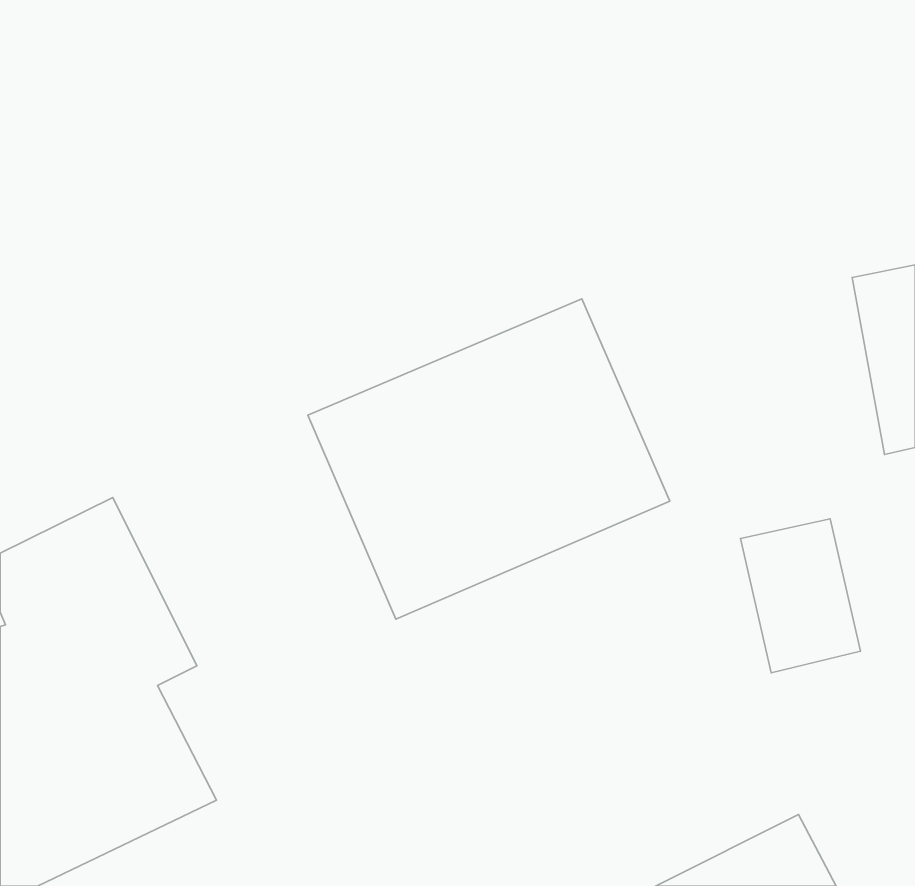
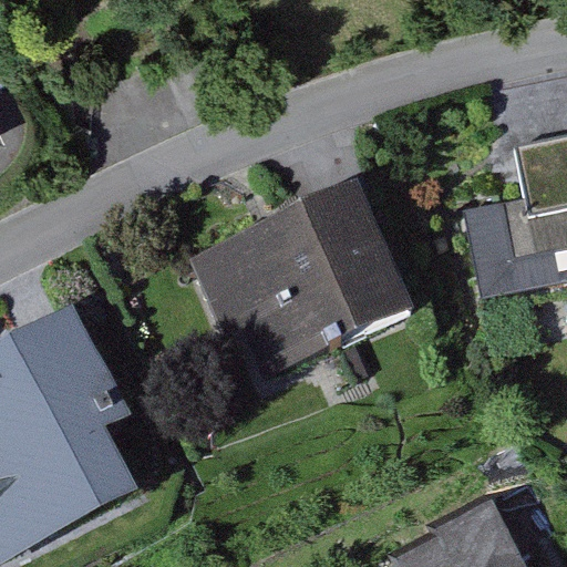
building: [741,519,861,673] -> [470,189,544,285]

